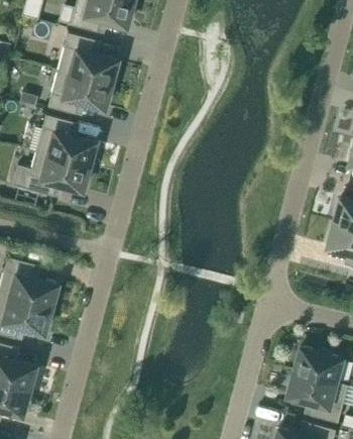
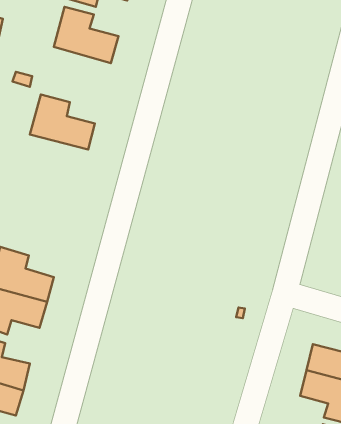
building: [48,70,112,114] -> none
building: [13,151,91,196] -> none

